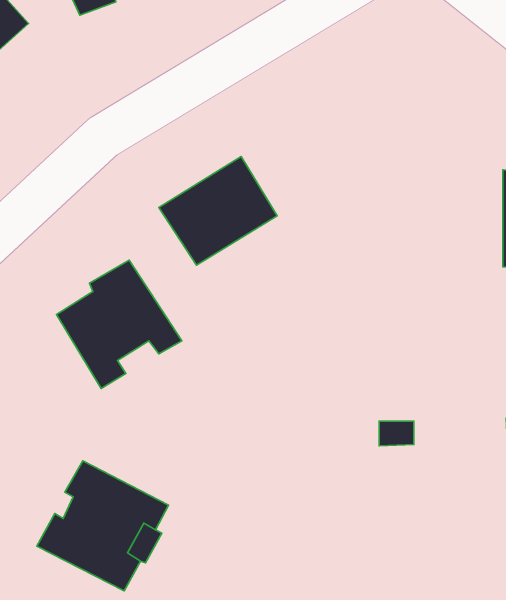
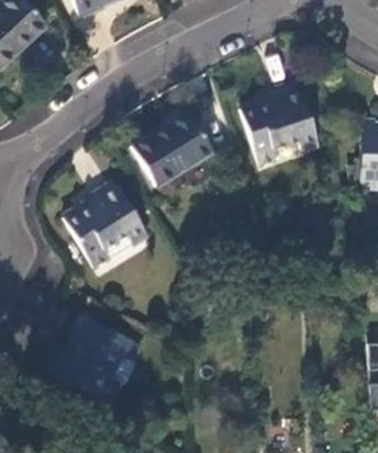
building: none -> [243,86,321,167]

